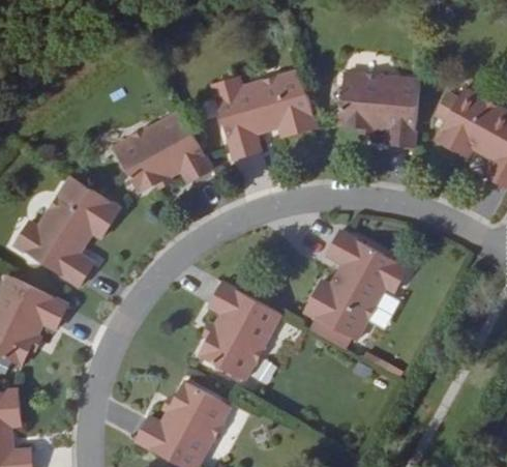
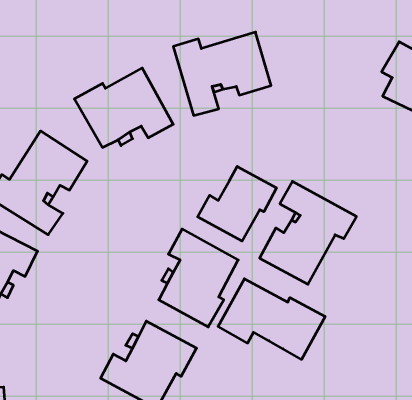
building: [338,66,419,147] -> none
building: none -> [198,166,276,241]
building: none -> [218,279,325,359]

